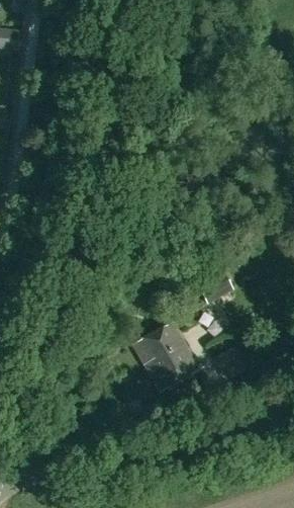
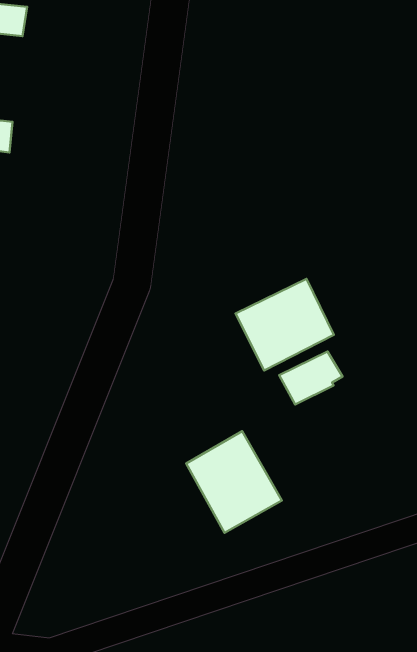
building: none -> [236,279,334,371]

